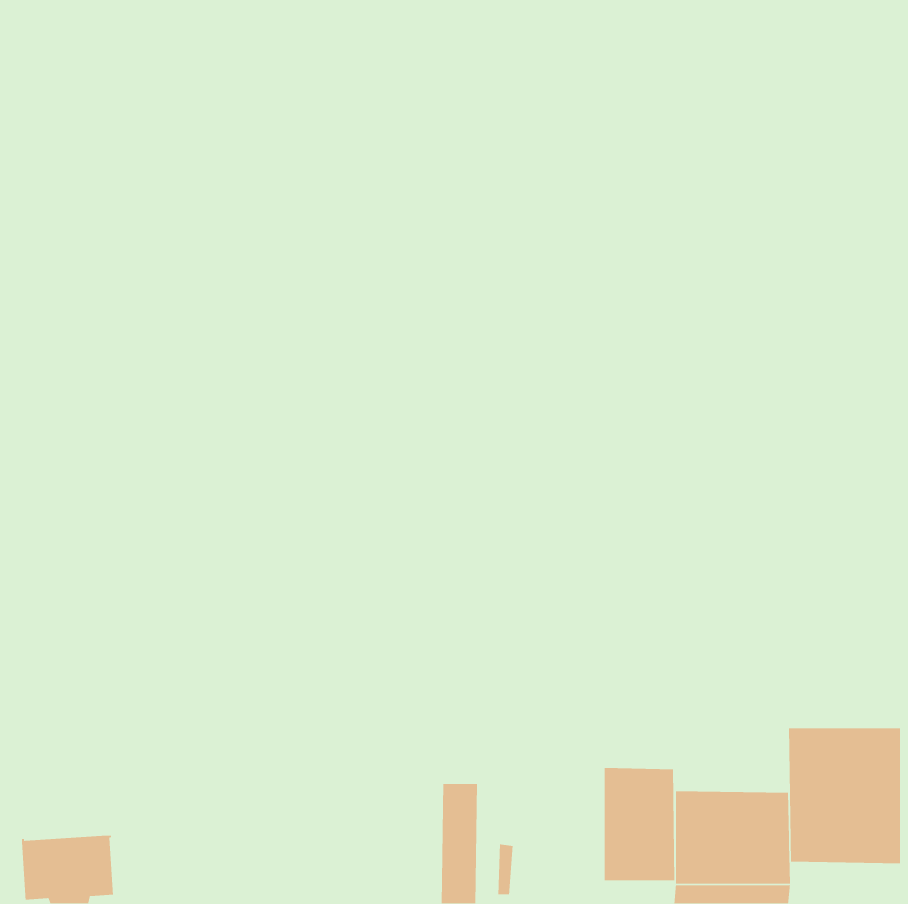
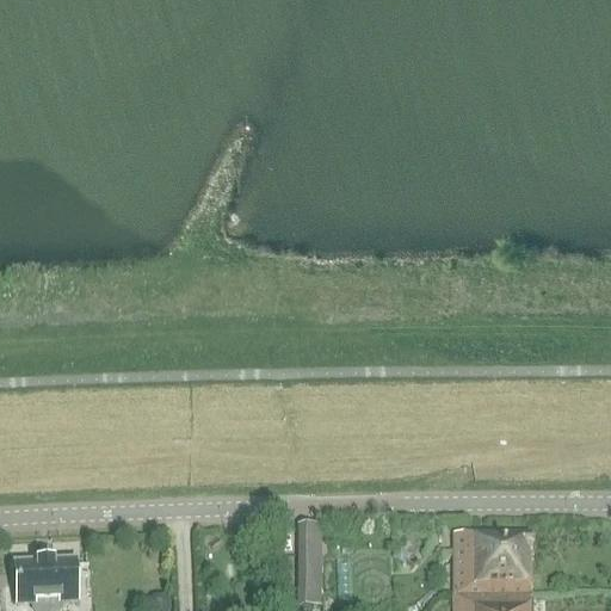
building: [788,727,901,864] -> none
building: [604,767,675,881] -> none

